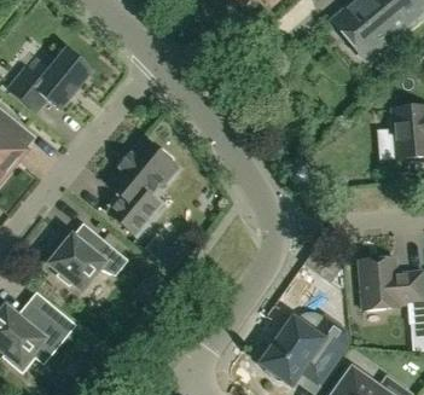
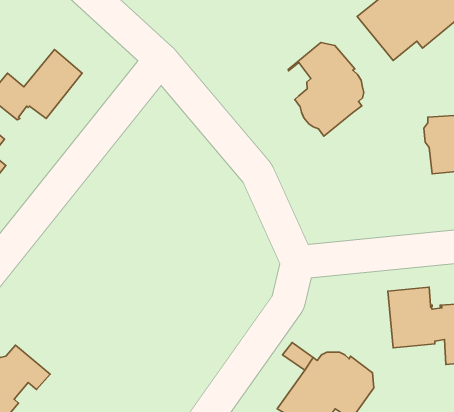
building: none -> [288,42,364,136]
building: [105,139,178,236] -> none
building: [42,231,128,290] -> none

